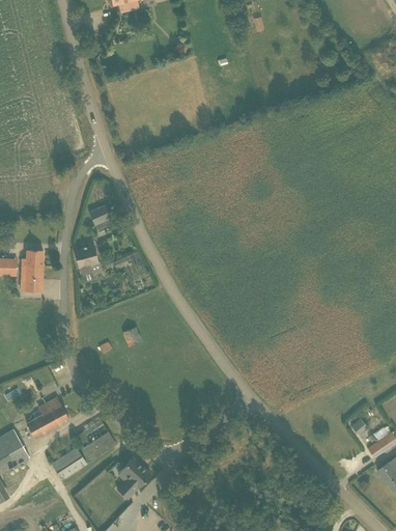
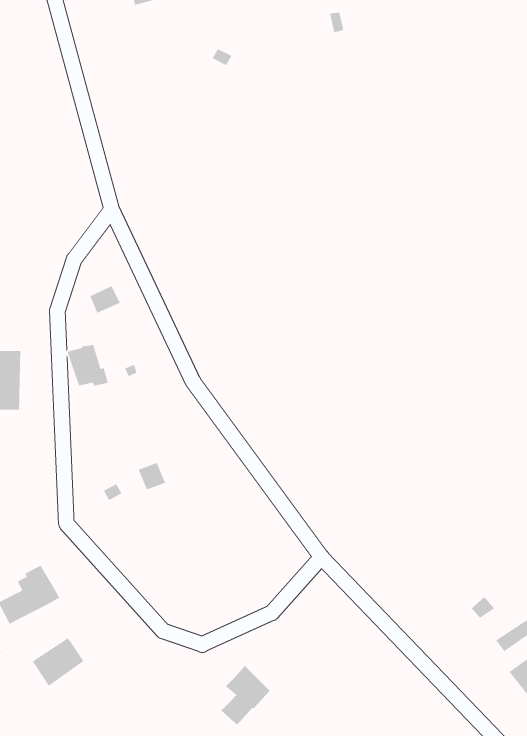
building: [76,419,115,458] -> none
building: [116,456,150,498] -> [221,665,270,725]

